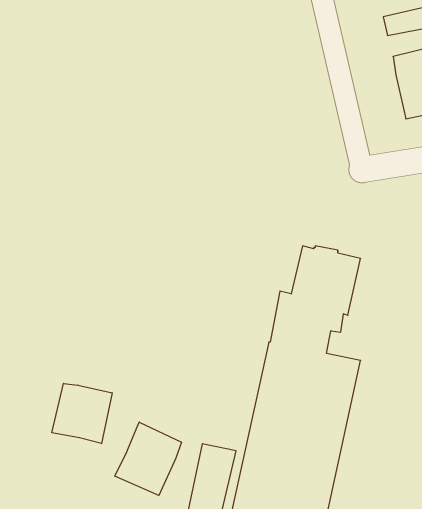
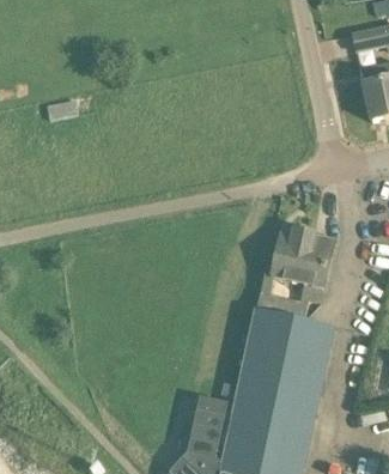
building: [52,383,112,444] -> none
building: [115,422,181,495] -> none

